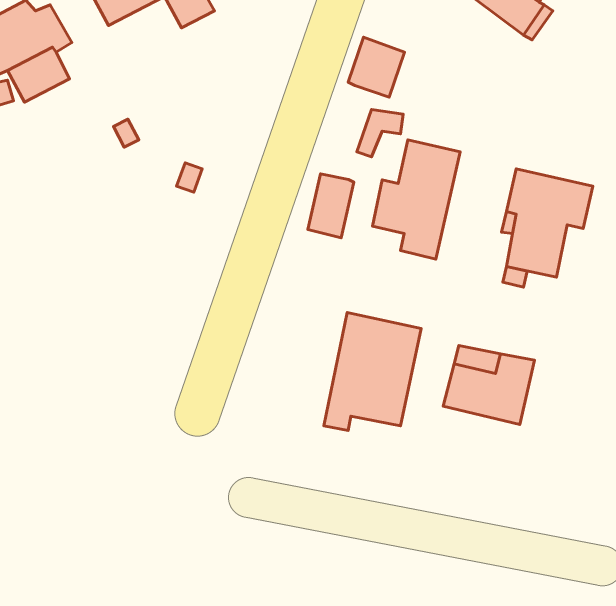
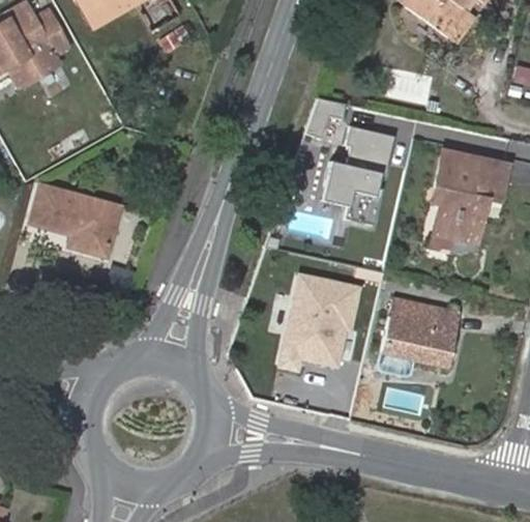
building: [348,37,405,97] -> none
building: [308,174,354,238] -> none
building: none -> [30,187,117,264]

